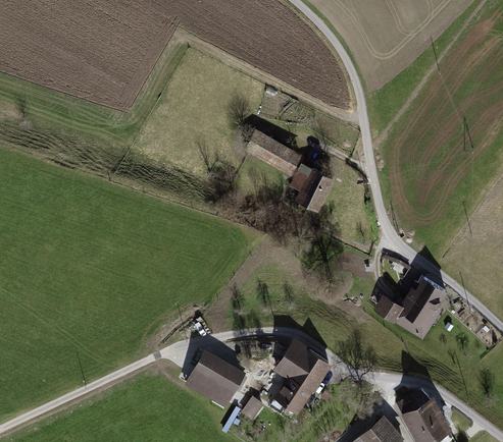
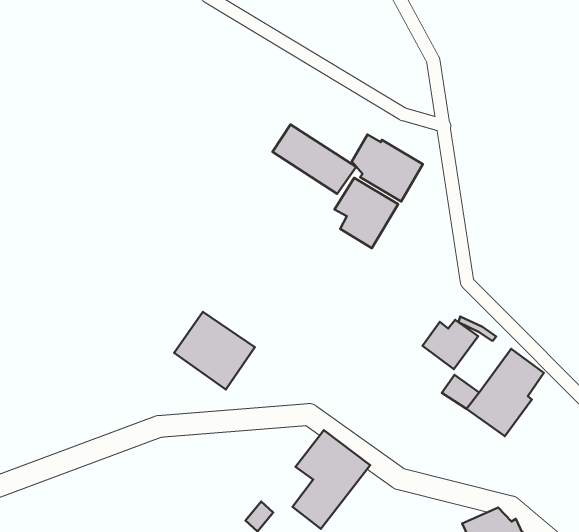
building: none -> [352,135,423,201]
building: none -> [423,320,478,369]
building: [187,352,244,406] -> [174,312,255,390]

